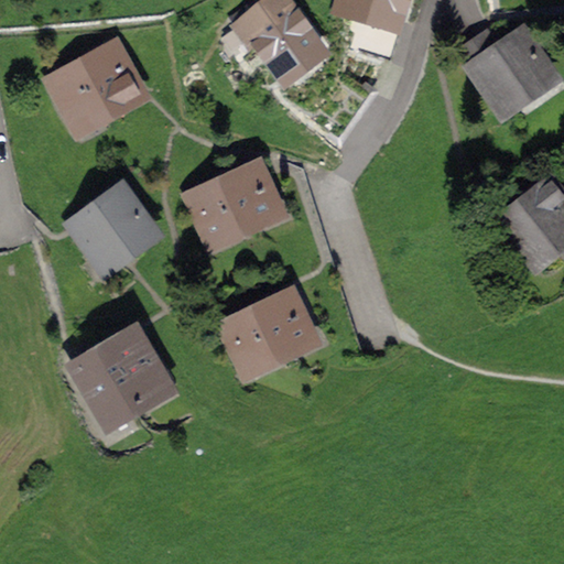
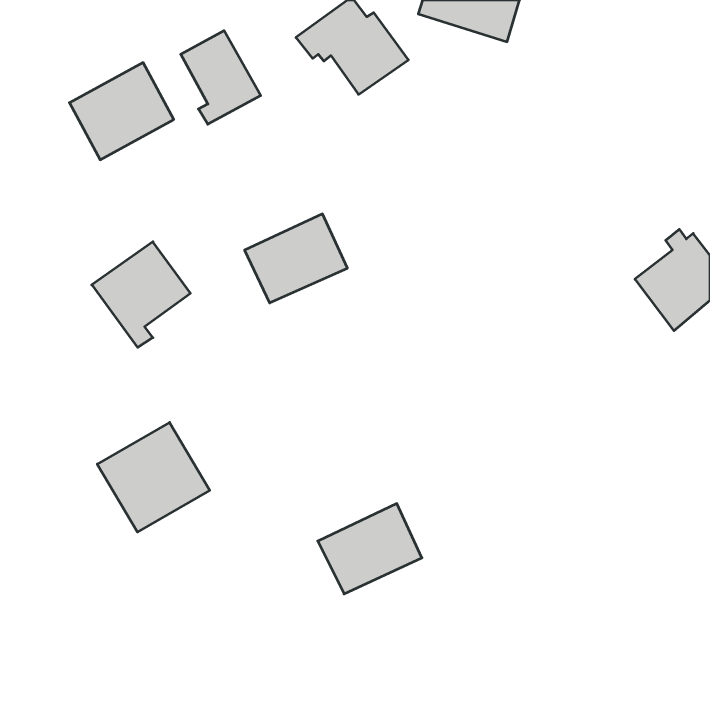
building: none -> [181,31,261,124]
building: [460,34,550,110] -> none
building: [227,297,310,369] -> [318,504,422,594]

